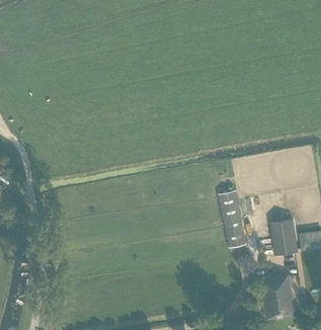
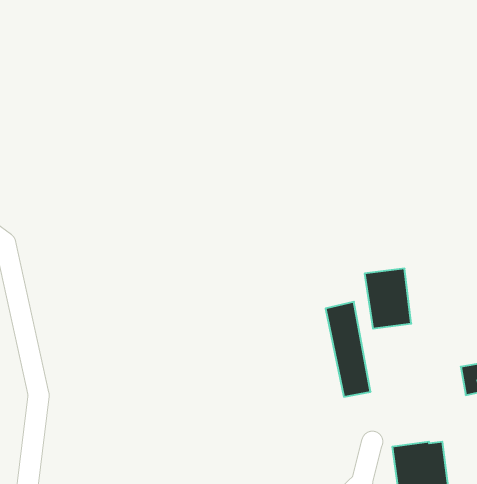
building: [268,219,297,255] -> [365,269,411,329]

